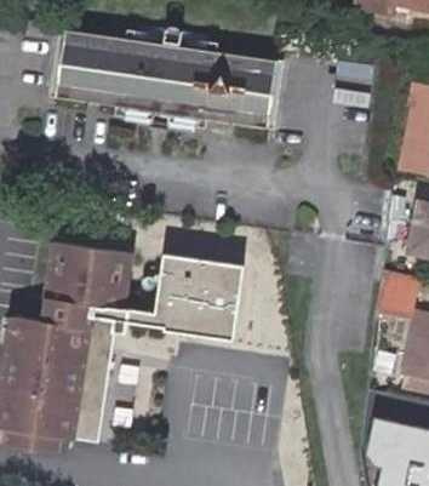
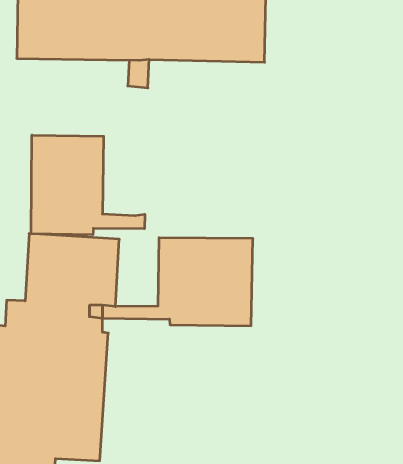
building: none -> [31,135,145,235]

